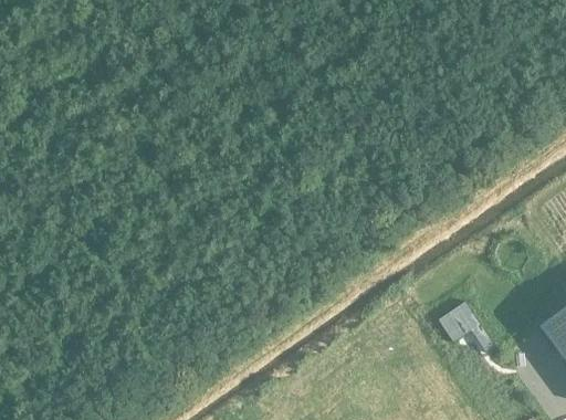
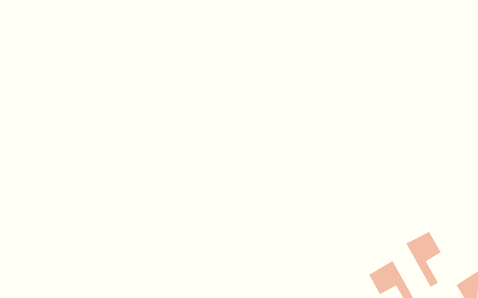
building: none -> [405,231,442,288]

